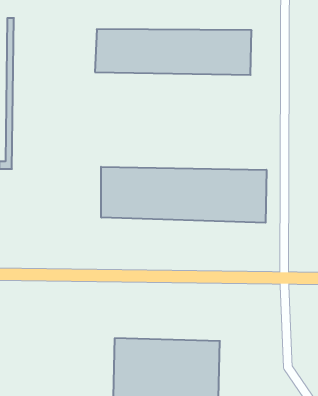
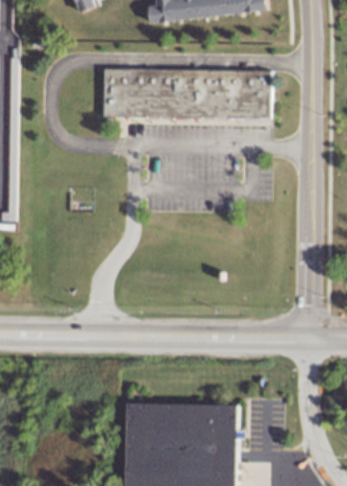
building: [101,167,266,223] -> none

